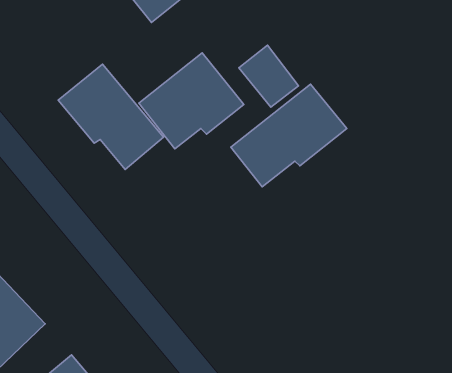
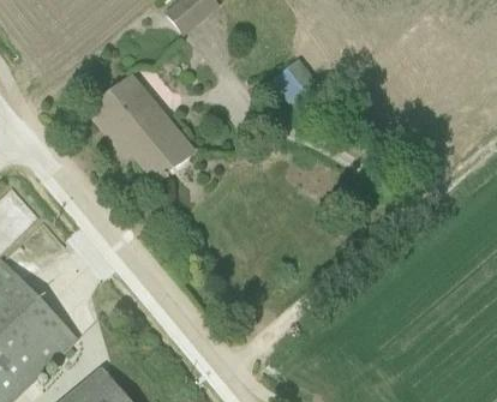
building: [139,53,244,149] -> none
building: [231,84,347,187] -> none

